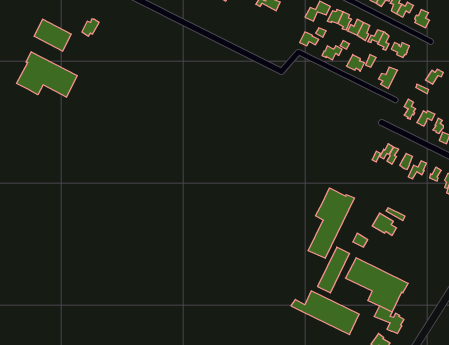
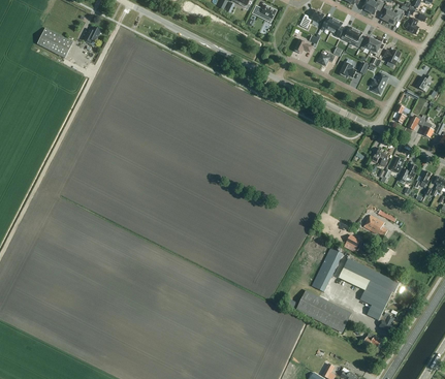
building: [17,52,77,97] -> none
building: [308,188,355,258] -> none

